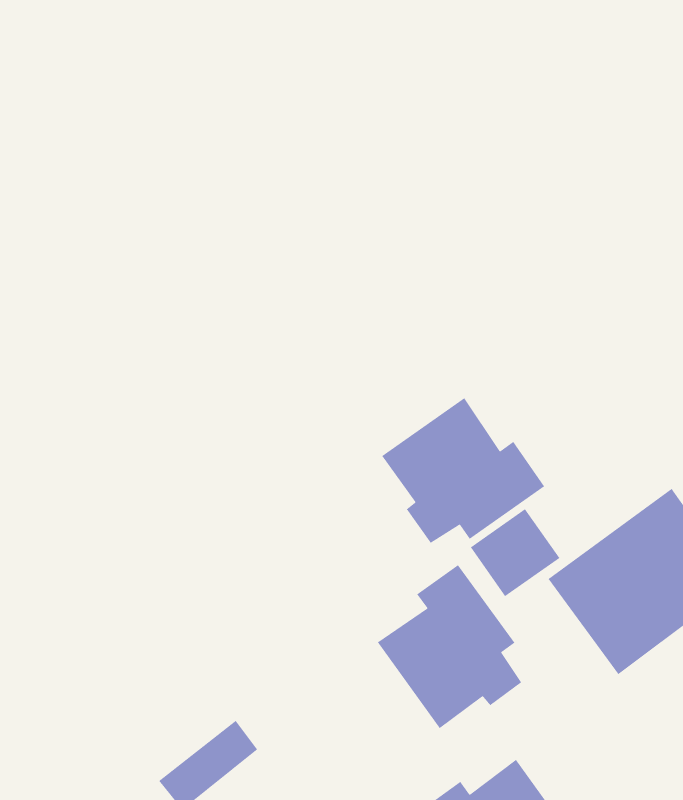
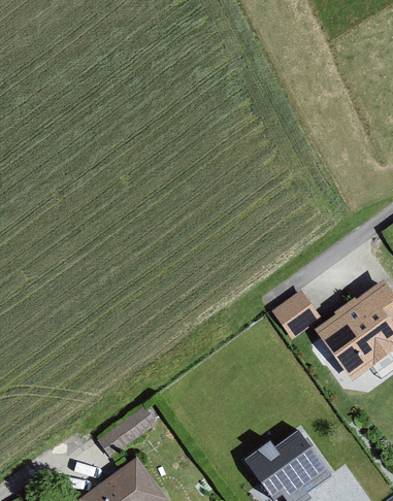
building: [381,397,545,544] -> none
building: [377,564,522,729] -> none

